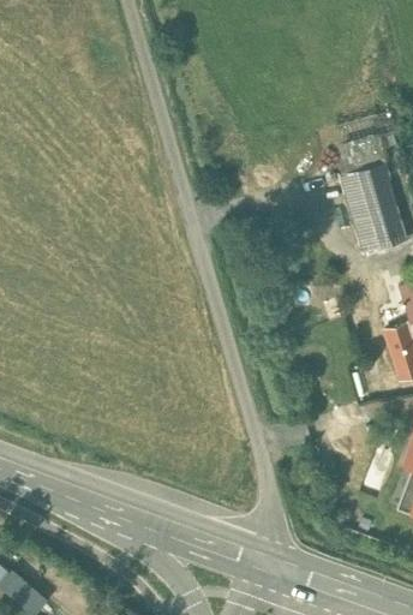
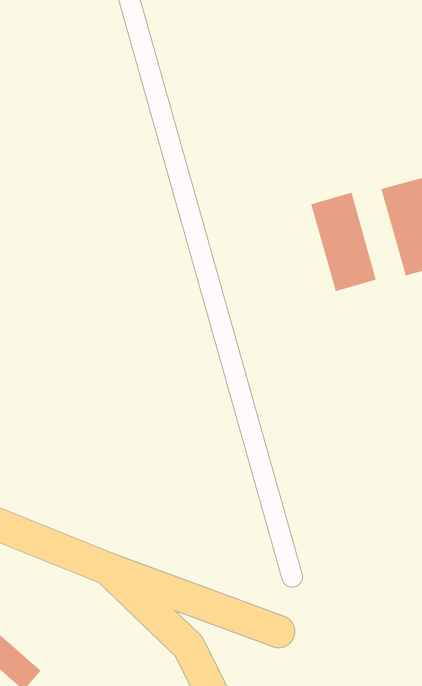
building: none -> [311,192,377,292]

